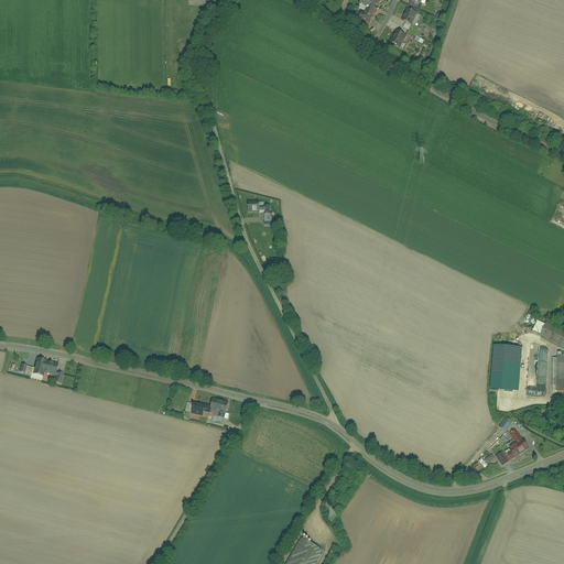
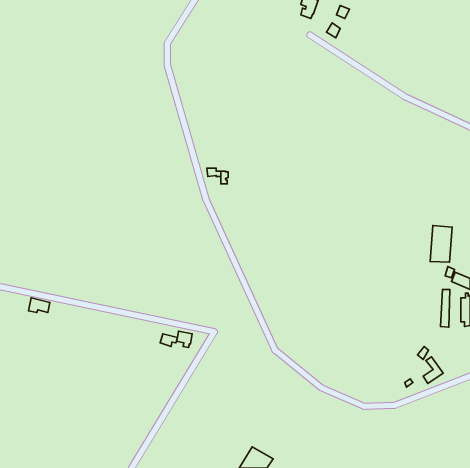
building: [492,347,519,391] -> [430,225,452,262]

